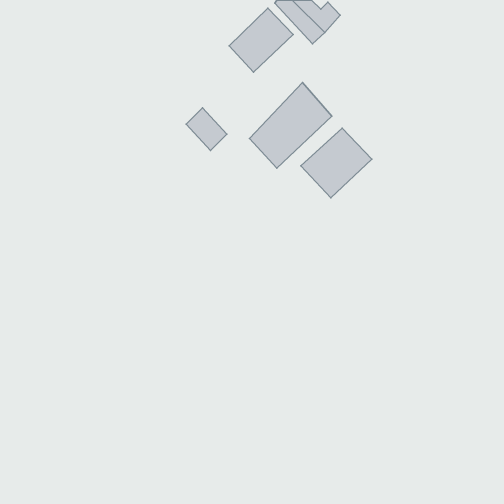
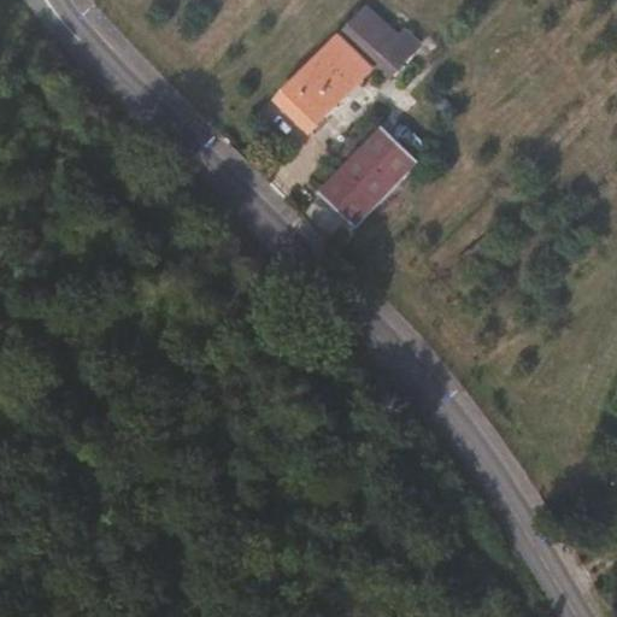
building: [186,108,227,151] -> [271,74,319,124]
building: [301,128,372,198] -> none

